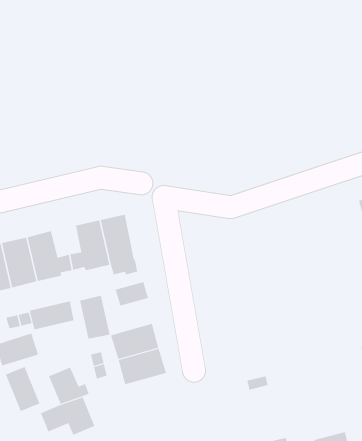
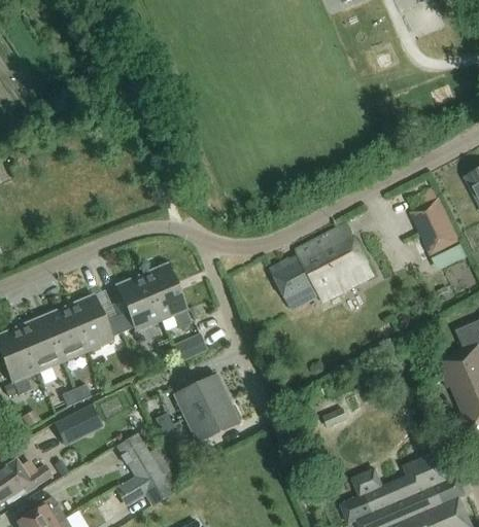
building: none -> [271,223,375,309]
building: [80,295,110,339] -> none
building: [29,301,74,330] -> none
building: [5,366,40,412] -> none

